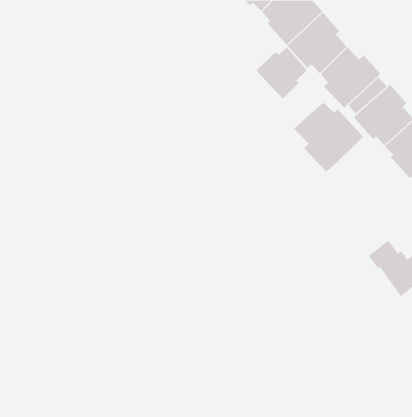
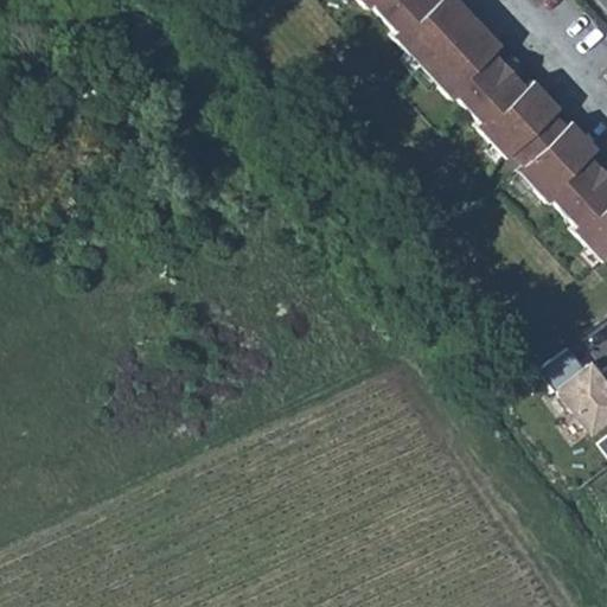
building: [255,46,307,100] -> none
building: [293,102,364,172] -> none

